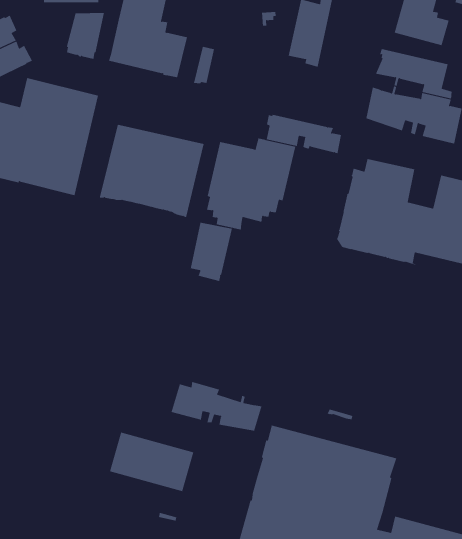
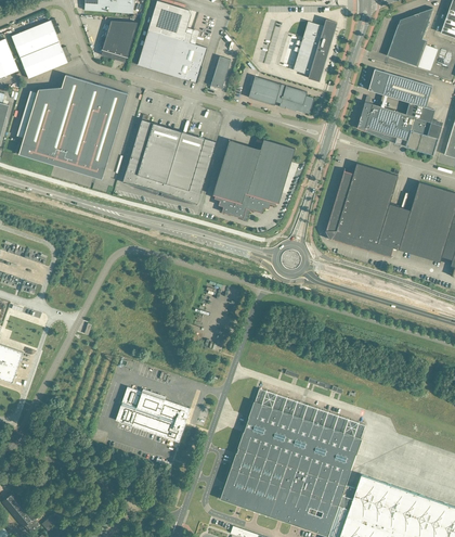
building: [266,114,342,154] -> [247,76,313,114]
building: [190,222,233,282] -> none
building: [171,381,262,432] -> none

